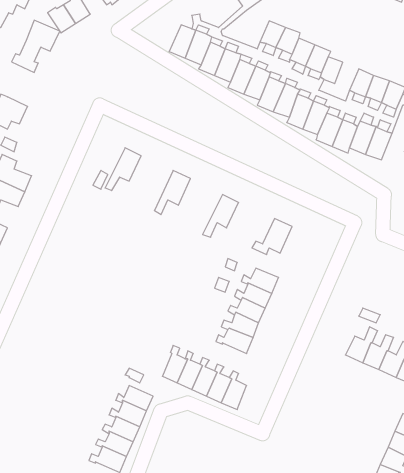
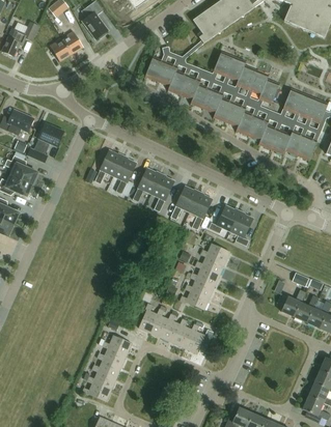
building: [12,20,60,72] -> [27,122,64,163]
building: none -> [113,156,136,195]
building: none -> [151,174,174,212]
building: none -> [189,193,212,230]
building: none -> [230,211,253,247]

